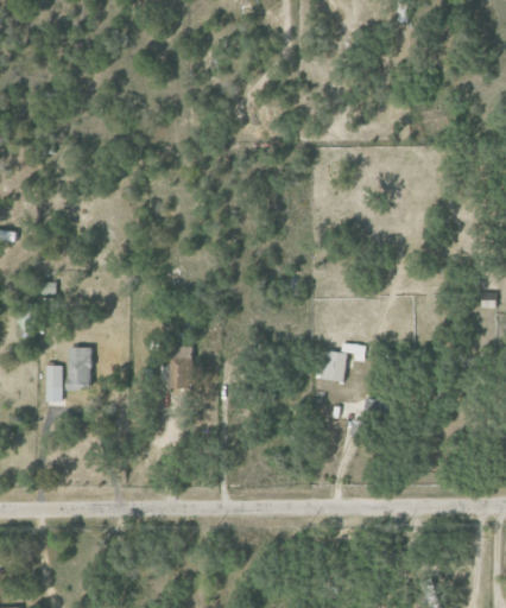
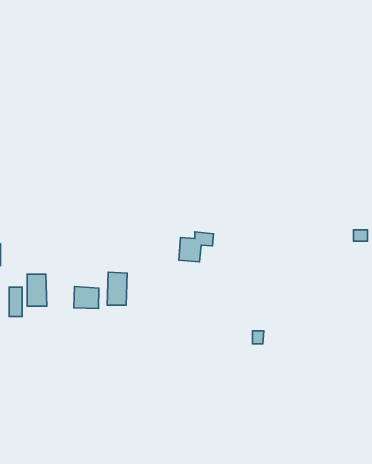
building: [322,343,366,381] -> [179,232,214,262]
building: none -> [74,287,99,309]

